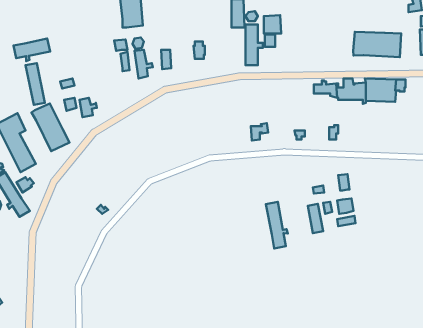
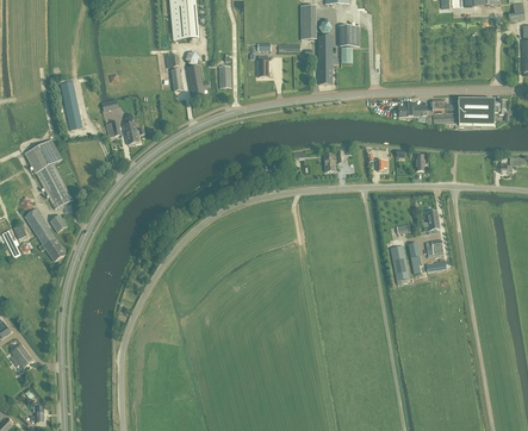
building: [353,32,401,57] -> none
building: [13,39,50,61] -> none
building: [31,103,70,151] -> none
building: [266,202,288,249] -> none

